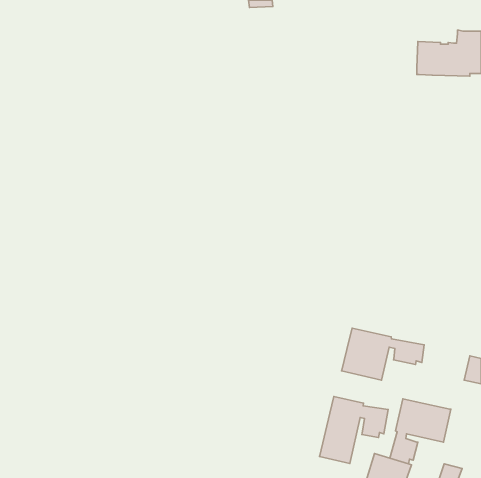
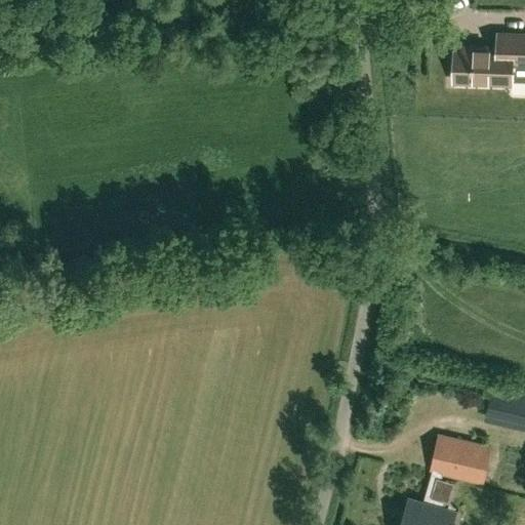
building: [342,328,424,380] -> none
building: [320,397,388,463] -> none

